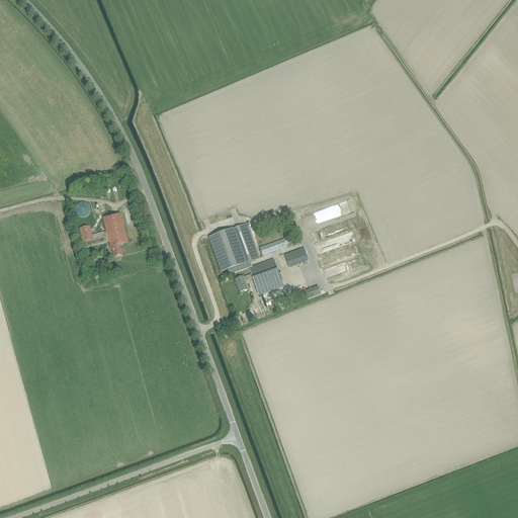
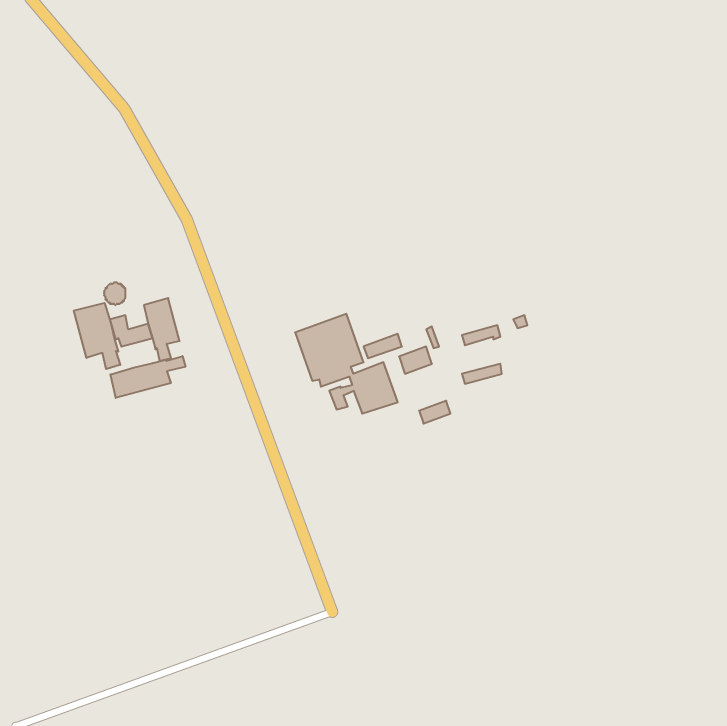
building: none -> [74,303,120,369]
building: none -> [110,356,185,398]

